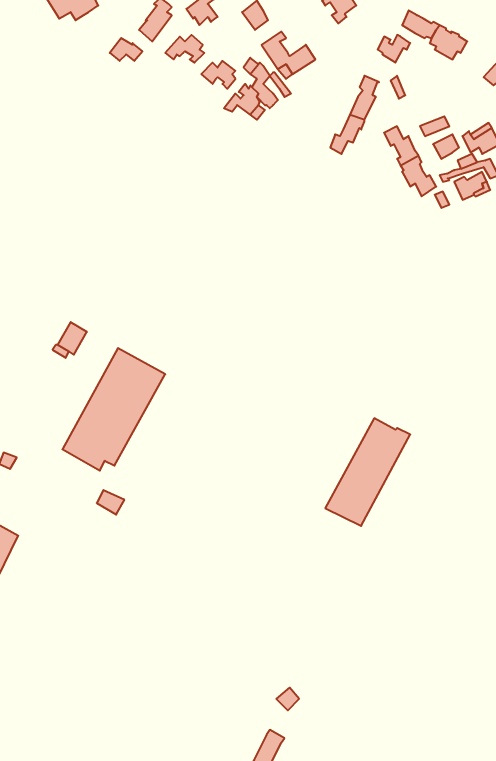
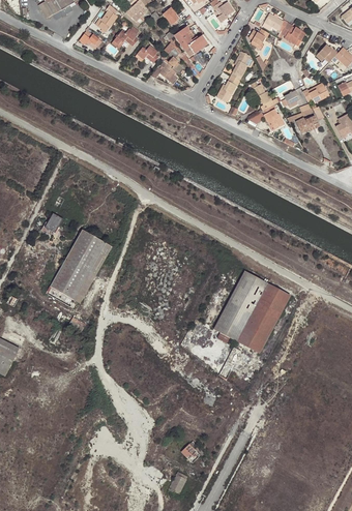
building: none -> [237,281,291,352]

